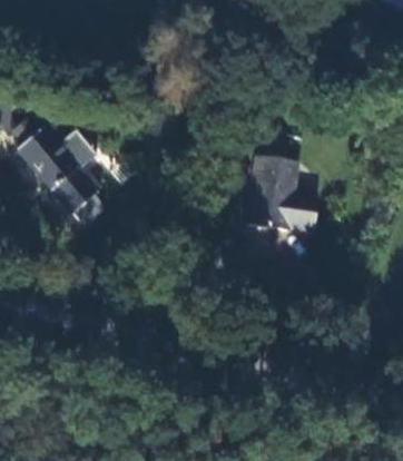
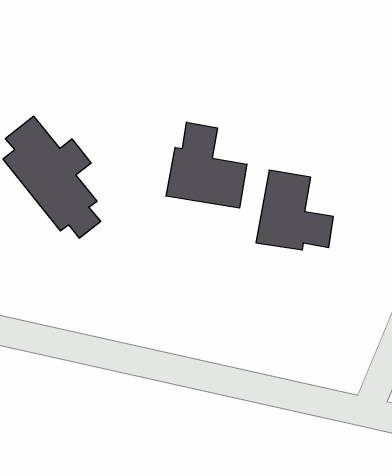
building: none -> [166,122,247,208]

